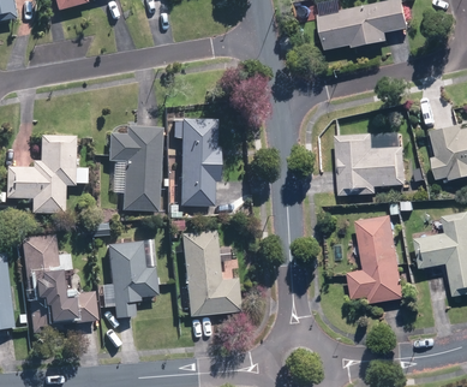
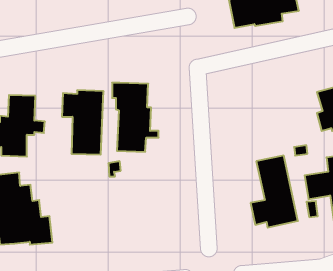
building: [334,131,403,194] -> none
building: [179,231,237,317] -> none
building: [107,242,156,318] -> none

